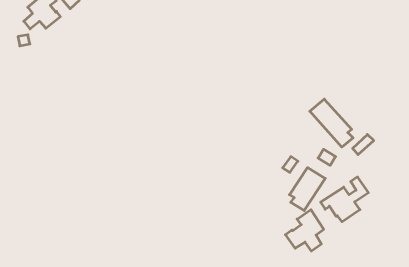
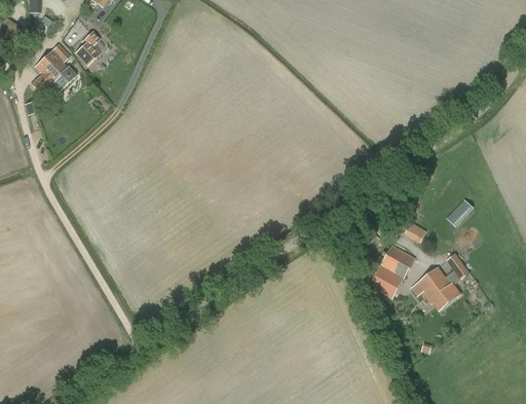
building: [310,99,353,147] -> none
building: [285,210,324,251] -> none

